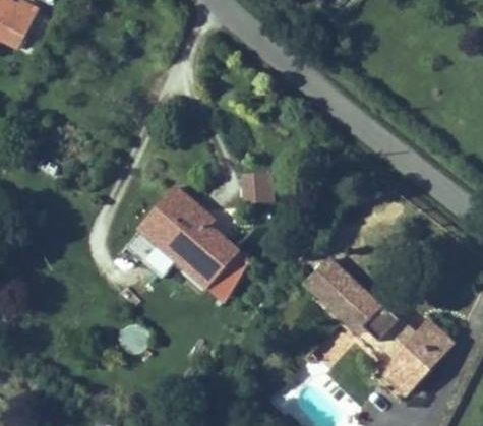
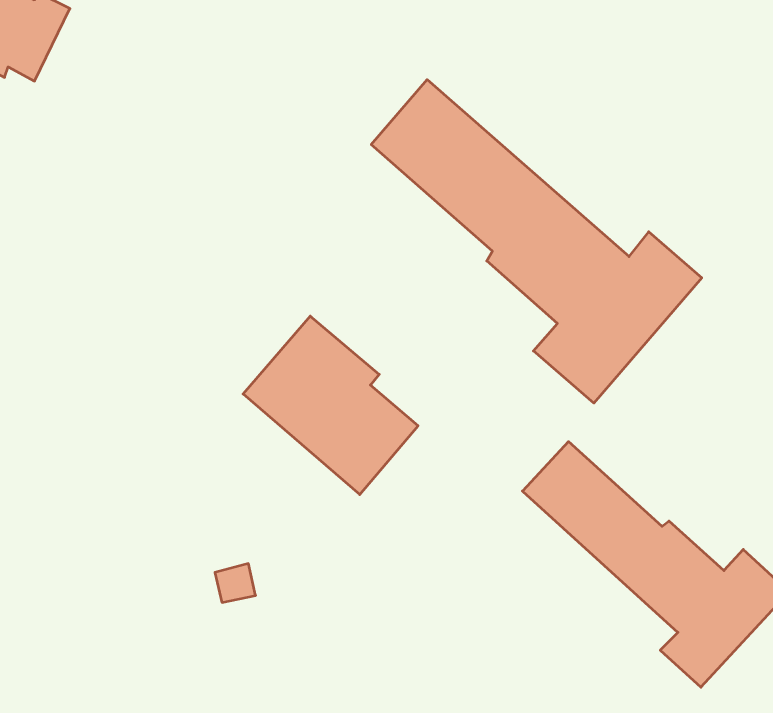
building: none -> [371,80,702,403]
building: [244,173,273,202] -> none

